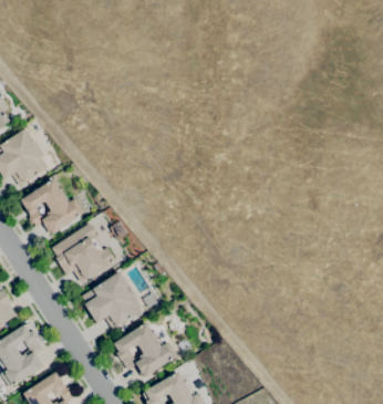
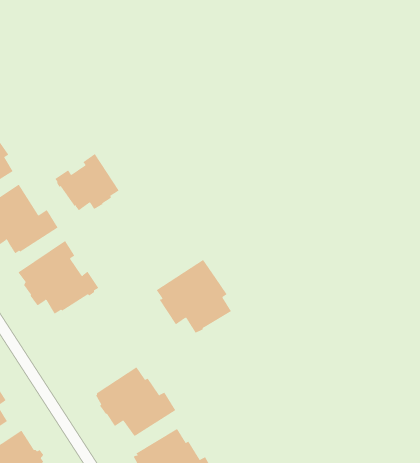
building: none -> [55,153,119,211]
building: [82,271,142,330] -> [156,259,232,334]

